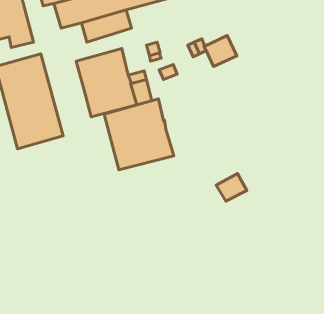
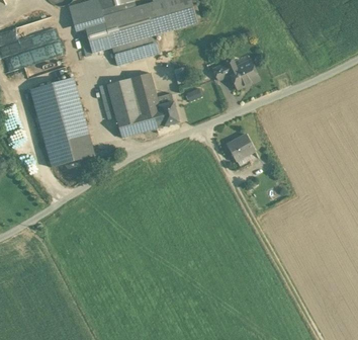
building: [104,99,174,170] -> none
building: [216,174,247,201] -> [226,134,255,160]

